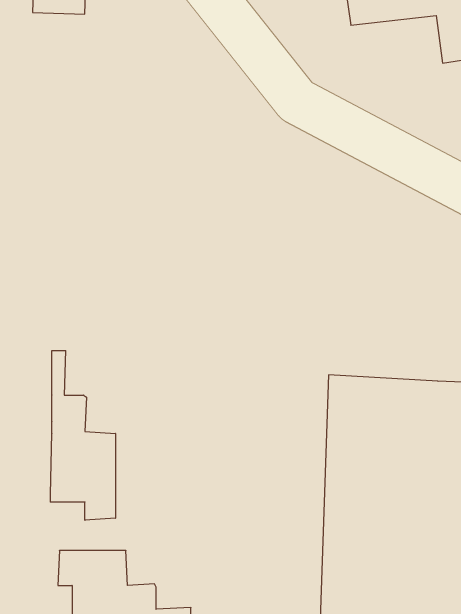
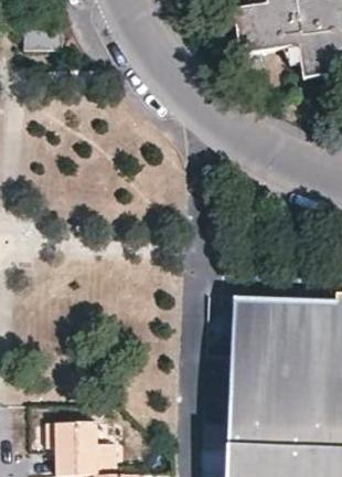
building: [50,351,115,520] -> none

